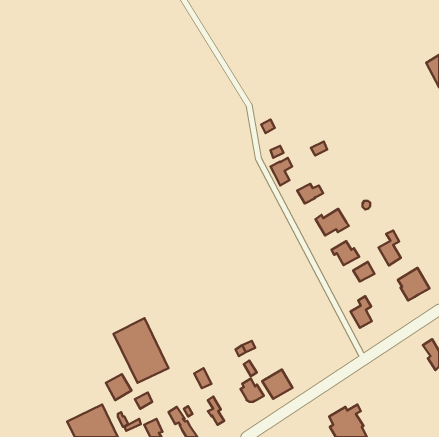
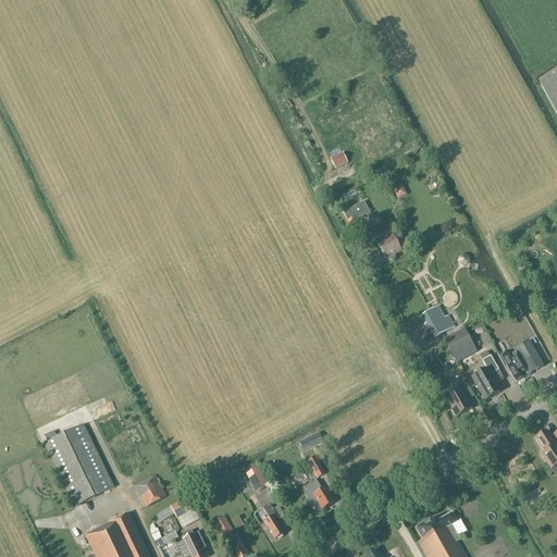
building: [316,209,349,236] -> none
building: [379,230,401,266] -> [472,355,500,399]
building: [113,318,168,383] -> [45,423,114,505]
building: [262,369,292,399] -> none

